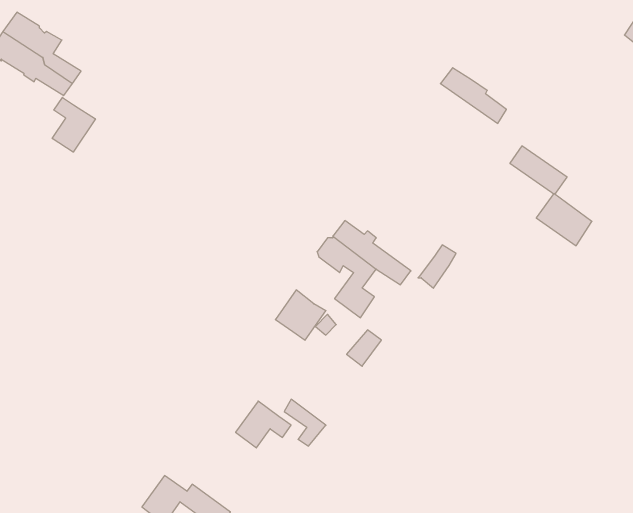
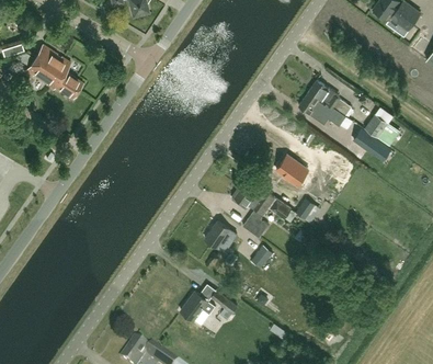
building: none -> [298,90,345,124]
building: [52,97,95,152] -> none
building: none -> [280,157,311,187]
building: [536,194,592,246] -> [364,113,399,146]

